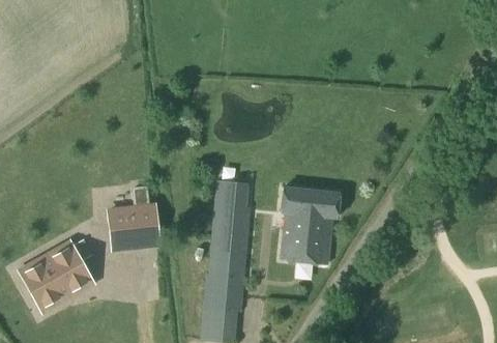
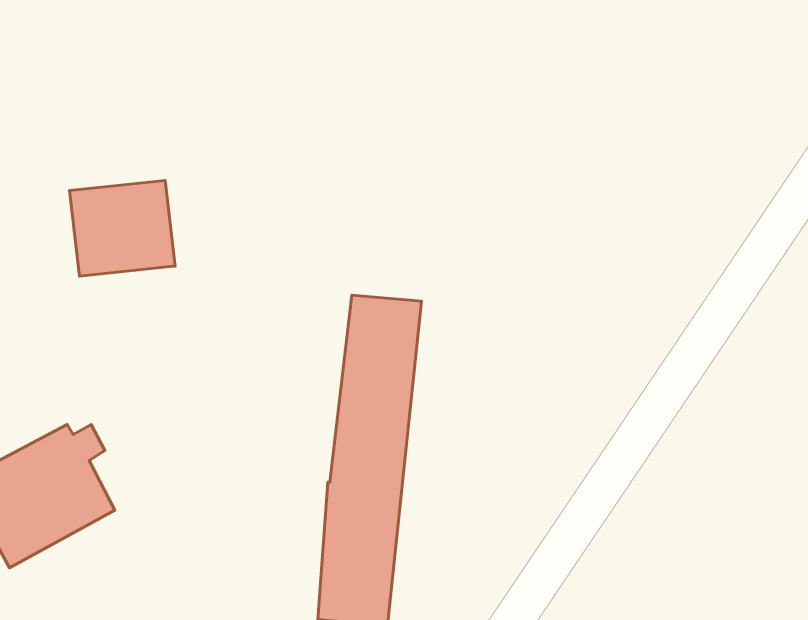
building: [280,185,339,264] -> none
building: [106,202,160,252] -> [70,181,175,276]

